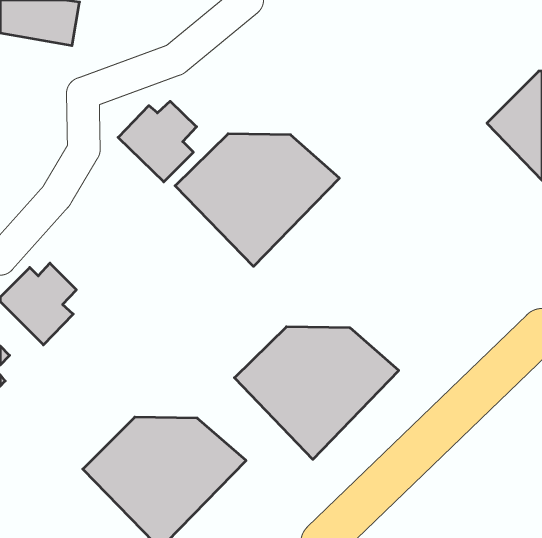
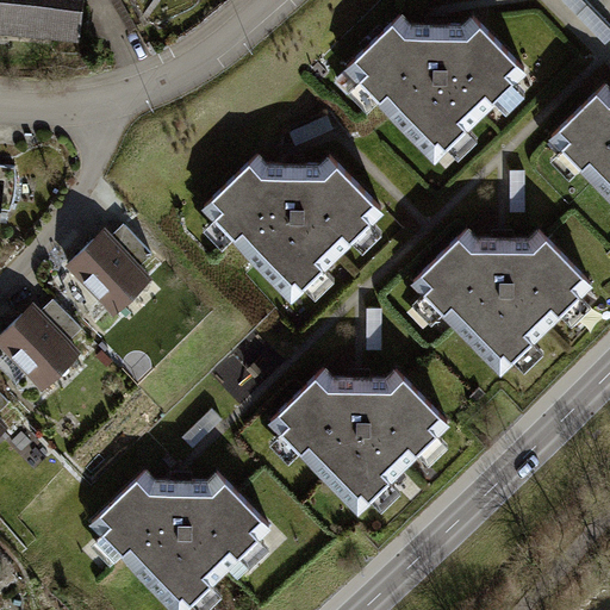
building: none -> [342,14,527,162]
building: [118,101,197,182] -> [73,224,161,315]
building: none -> [406,228,591,376]

